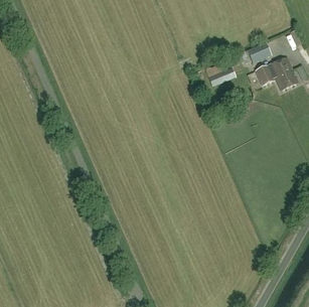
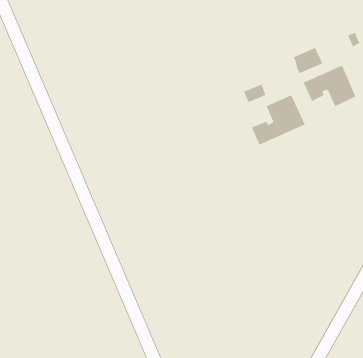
building: none -> [251,95,306,146]

